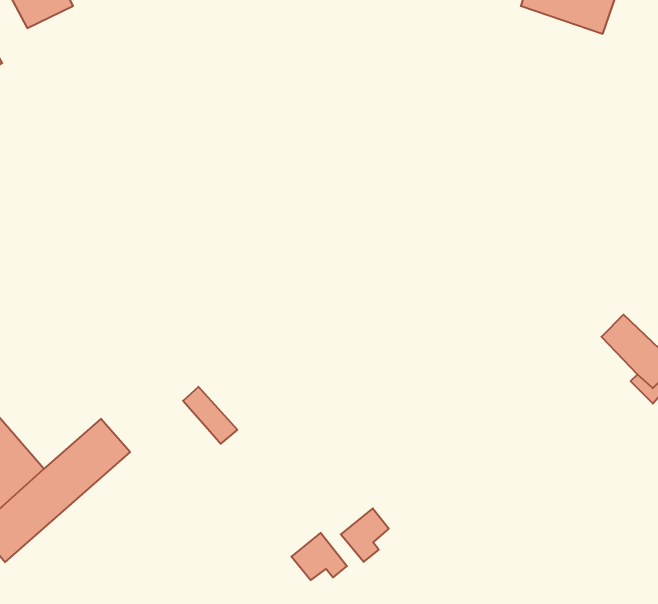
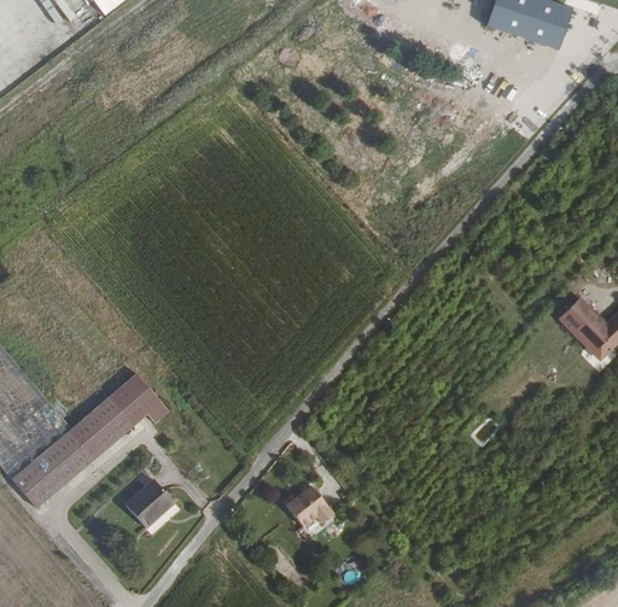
building: [183,387,237,444] -> [121,372,168,421]
building: [341,508,389,562] -> none
building: none -> [122,479,170,527]

